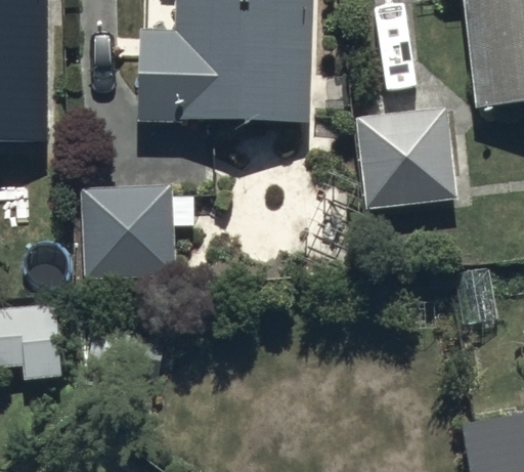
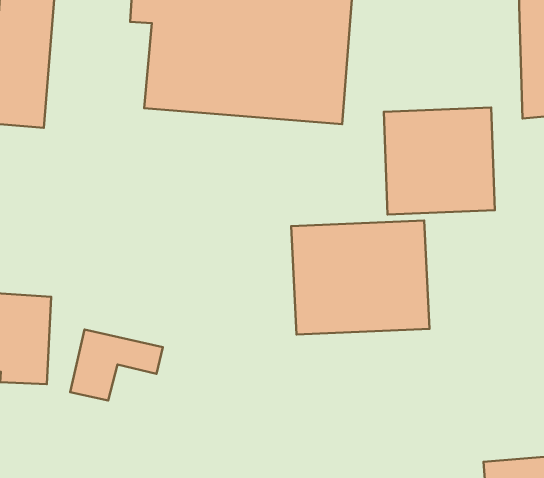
building: [81,182,177,278] -> none
building: none -> [291,220,430,334]

